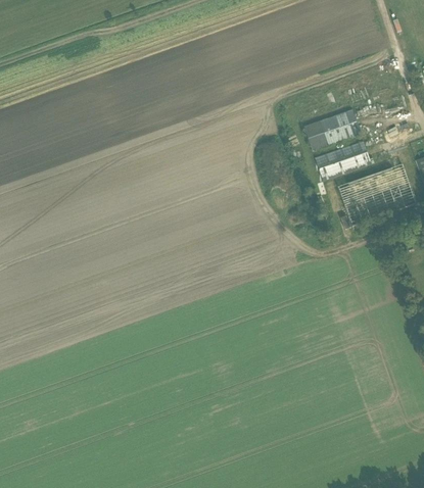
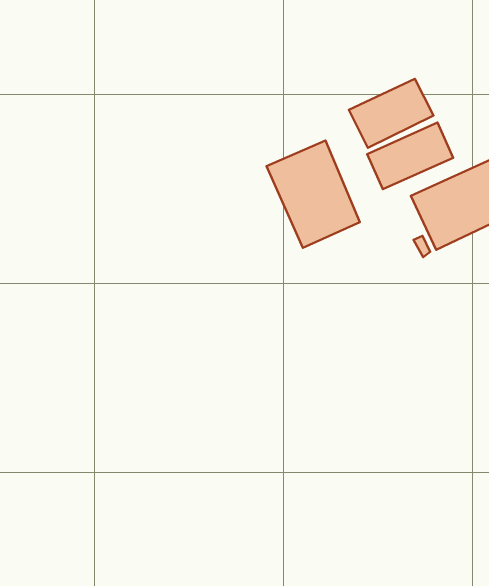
building: none -> [266,140,360,248]

